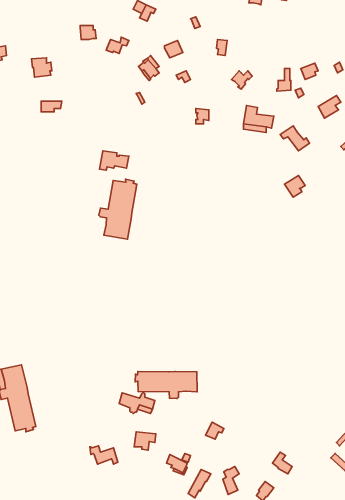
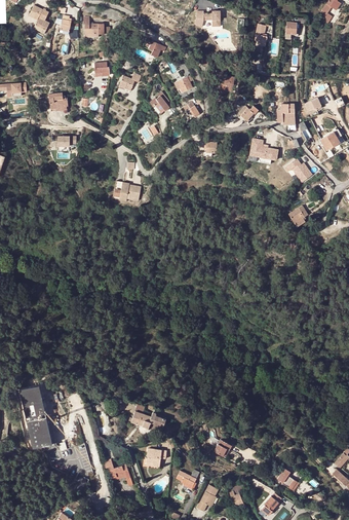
building: [99,179,137,239] -> none
building: [135,372,197,399] -> none

